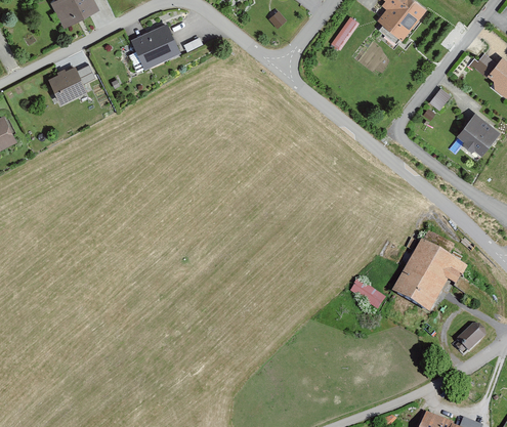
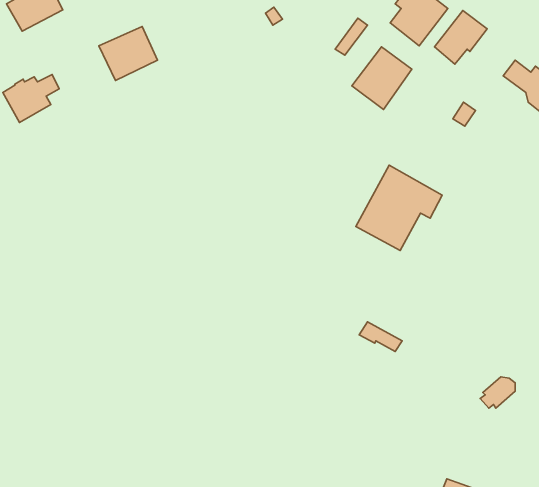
building: none -> [434,10,487,64]
building: none -> [352,47,412,110]
building: [457,114,500,155] -> none
building: [392,240,466,312] -> [356,165,442,250]

